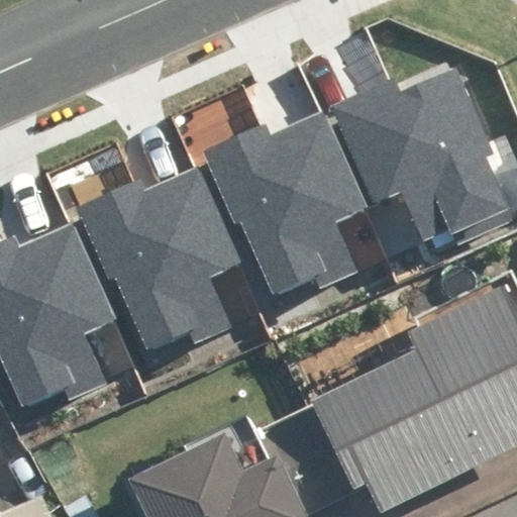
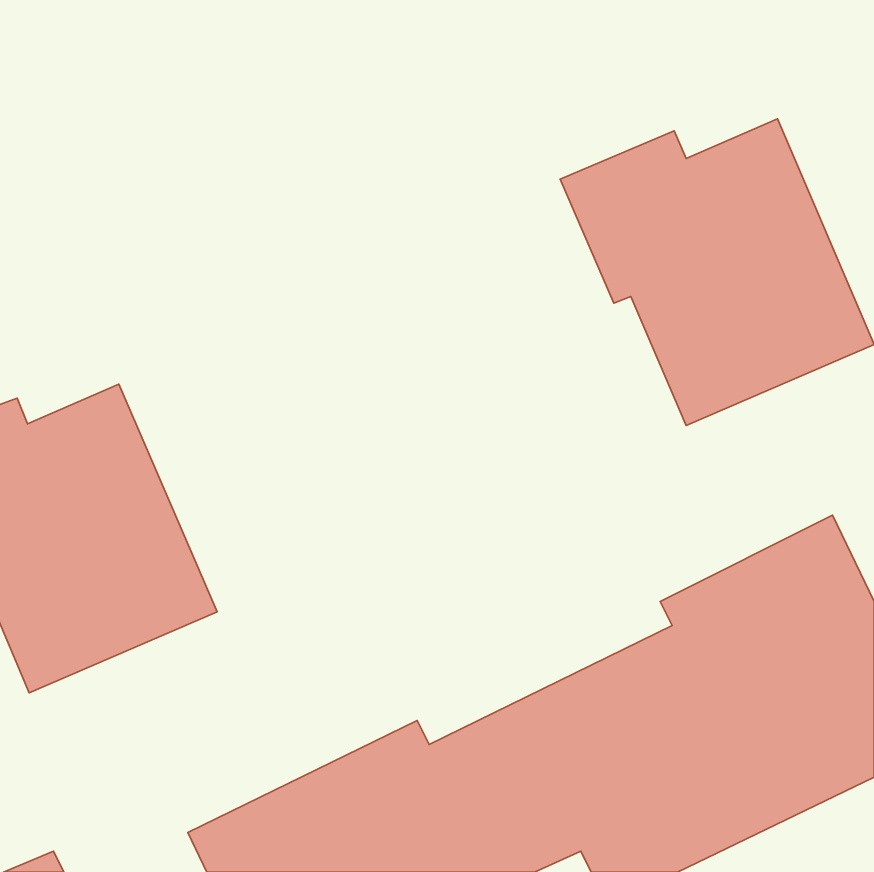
building: [203,113,388,293] -> none
building: [75,168,260,348] -> none

